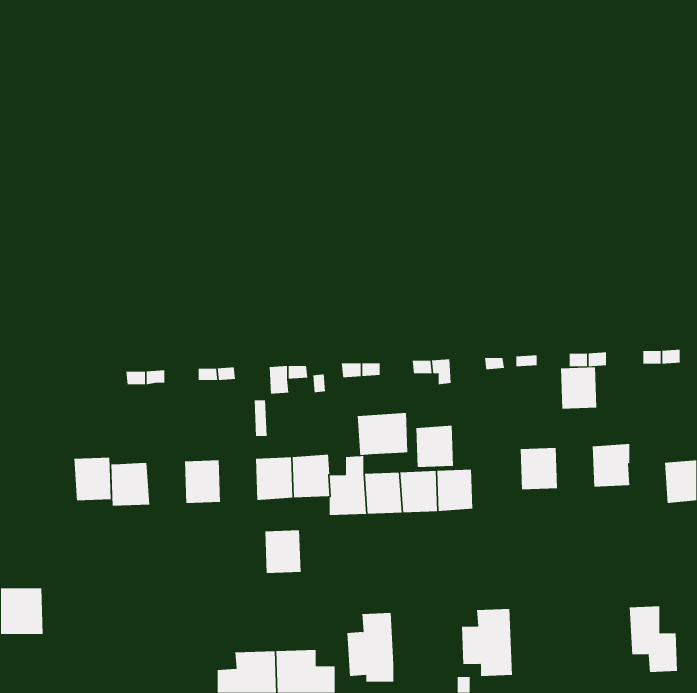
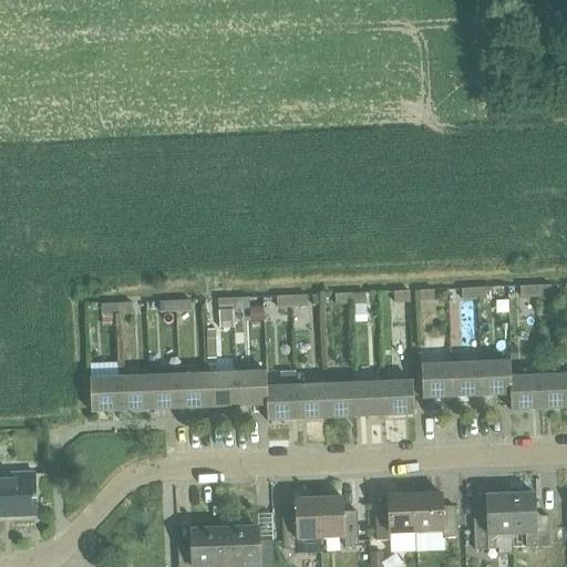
building: [560,367,597,409] -> [452,362,482,396]
building: [357,412,408,456] -> none
building: [416,425,454,467] -> [383,379,414,413]
building: [73,457,112,501] -> [120,374,151,410]
building: none -> [511,375,542,410]
building: [265,530,301,573] -> [178,372,208,408]
building: none -> [414,493,455,548]
building: none -> [474,493,513,553]
building: none -> [318,496,358,546]

